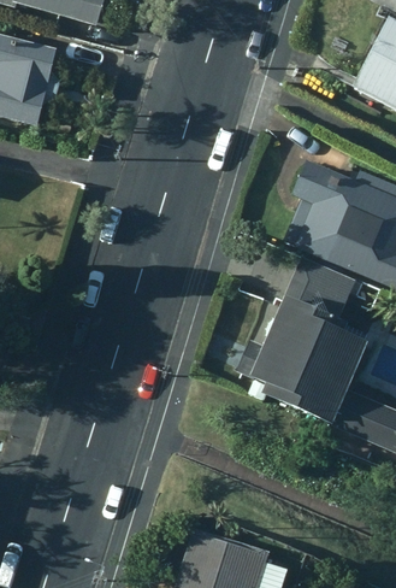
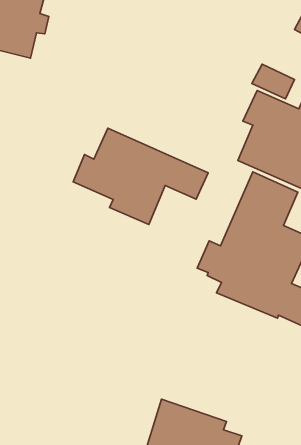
building: none -> [73,128,208,224]

